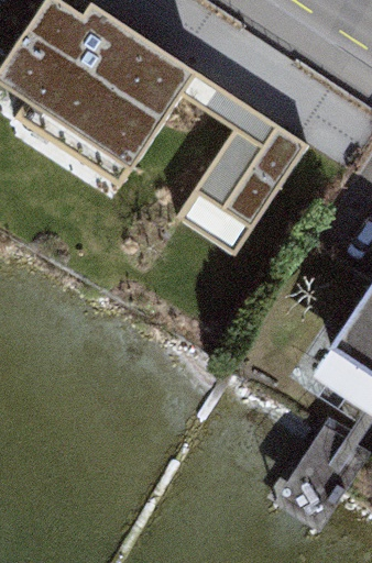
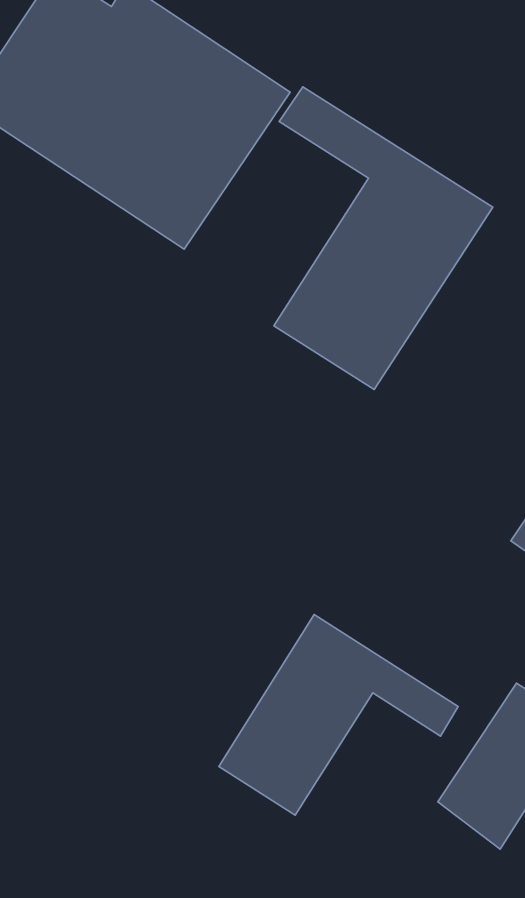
building: none -> [219,614,458,815]

